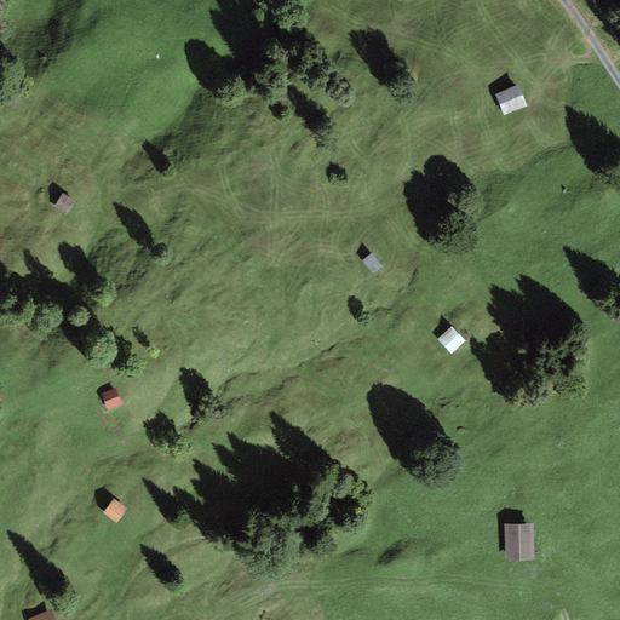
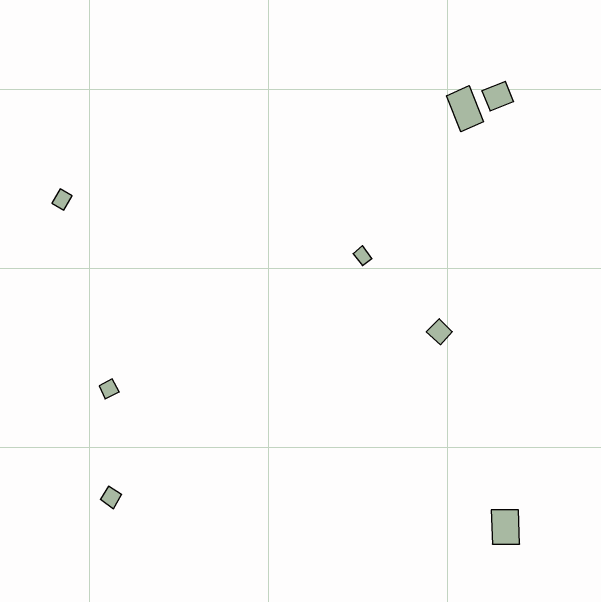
building: none -> [447,86,483,132]

